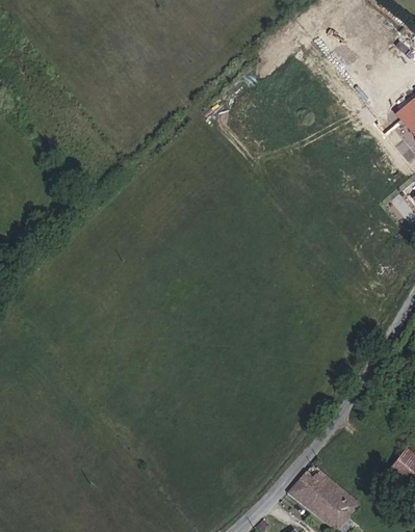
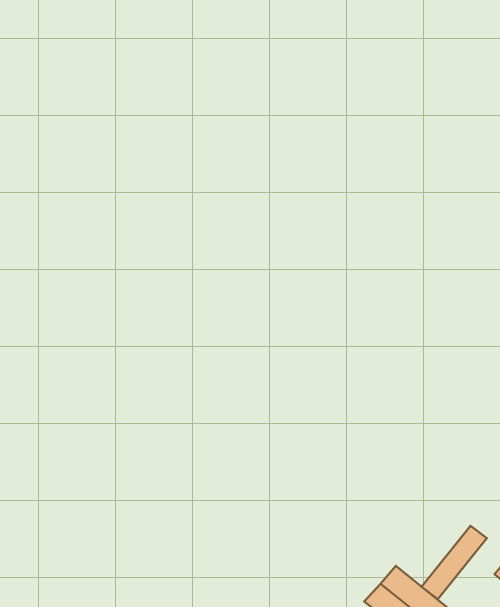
building: none -> [422,526,487,599]

